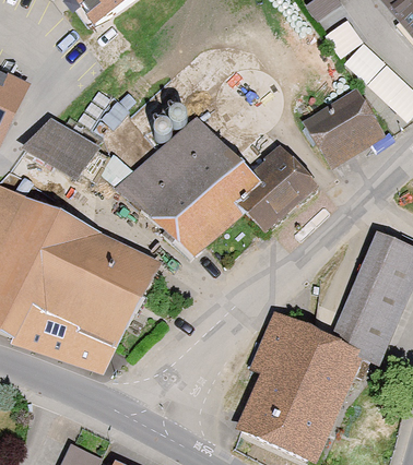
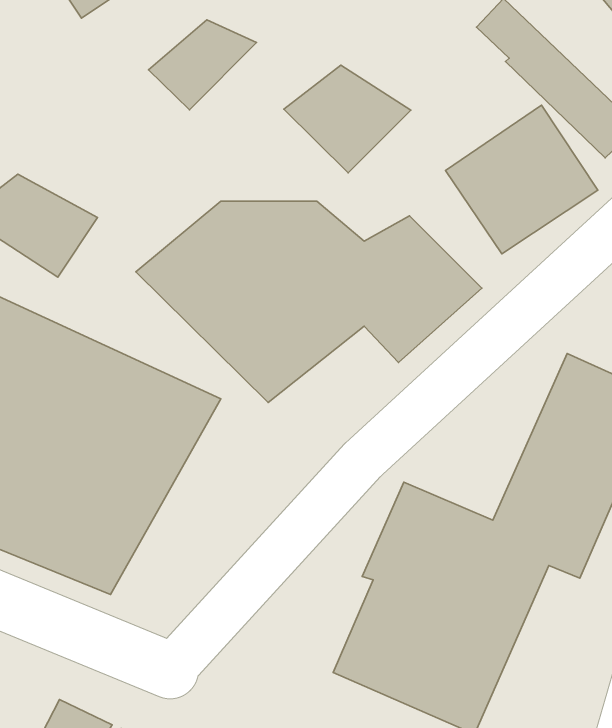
building: none -> [149,20,257,110]
building: none -> [284,65,411,173]

